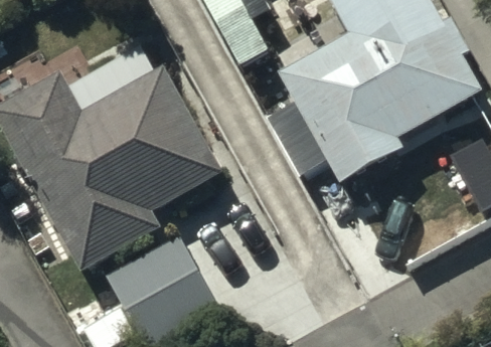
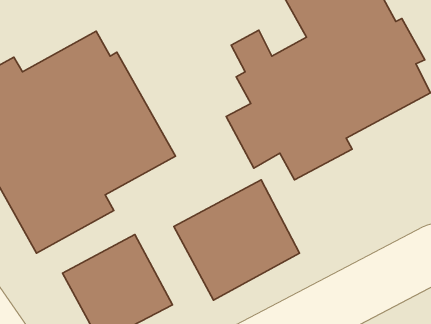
building: none -> [174,180,300,300]

